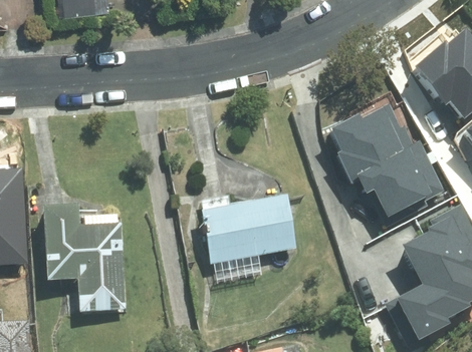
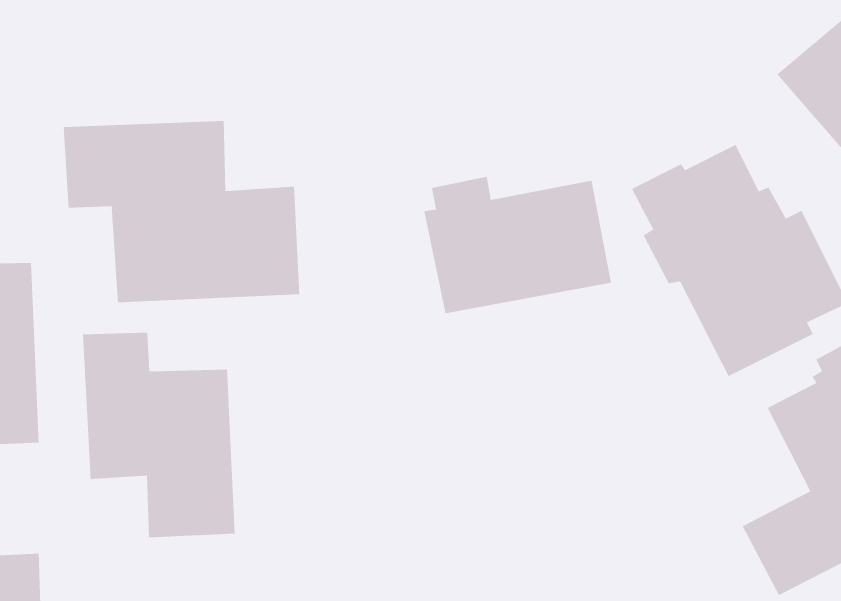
building: none -> [63,120,300,303]
building: [189,201,286,272] -> [424,176,612,314]

